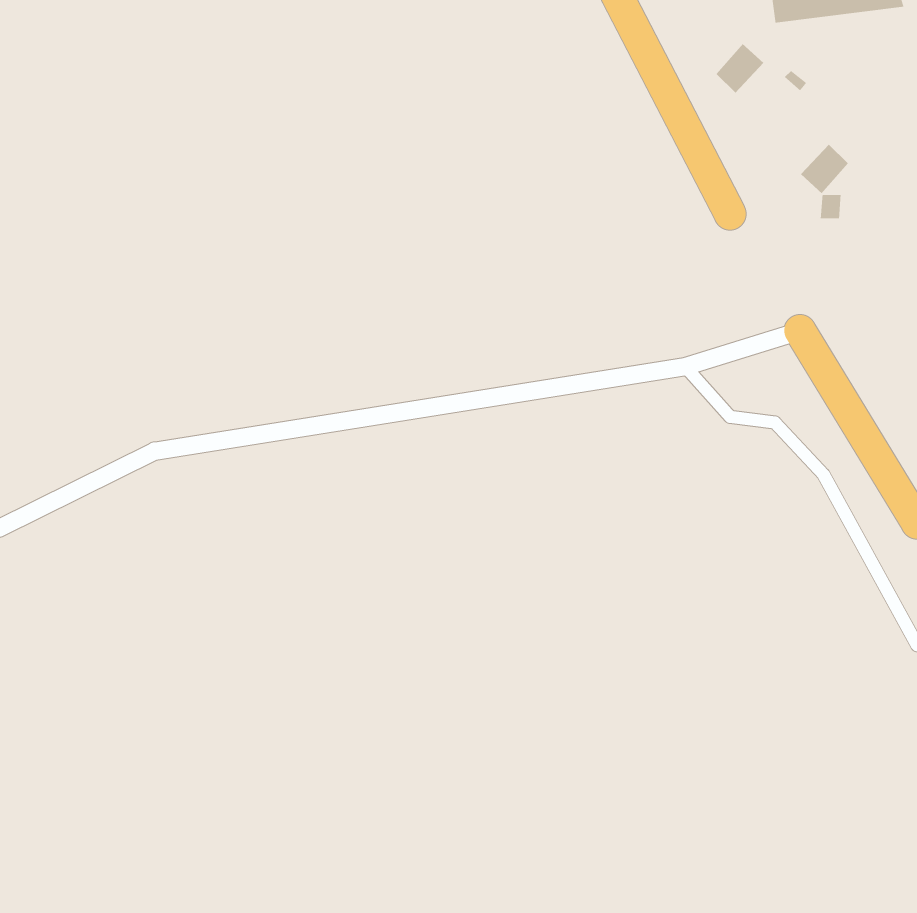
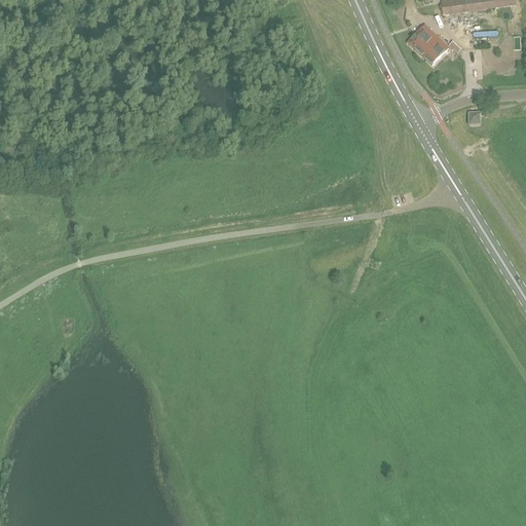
building: [800,144,849,194] -> [420,36,448,65]

